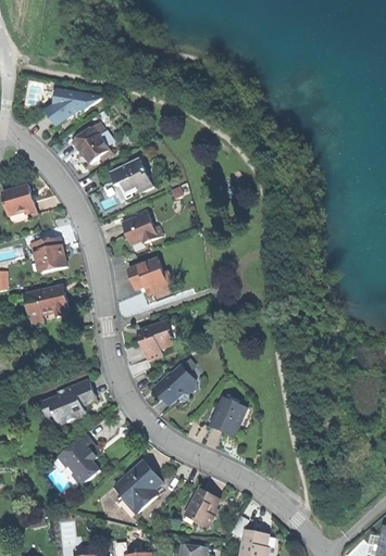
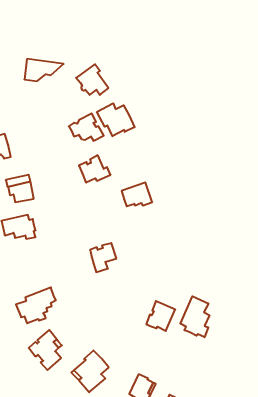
building: [72,123,113,162] -> [76,64,108,95]
building: none -> [97,103,135,136]
building: [127,257,166,288] -> [122,182,152,206]
building: [153,365,197,404] -> none
building: none -> [180,296,209,337]

